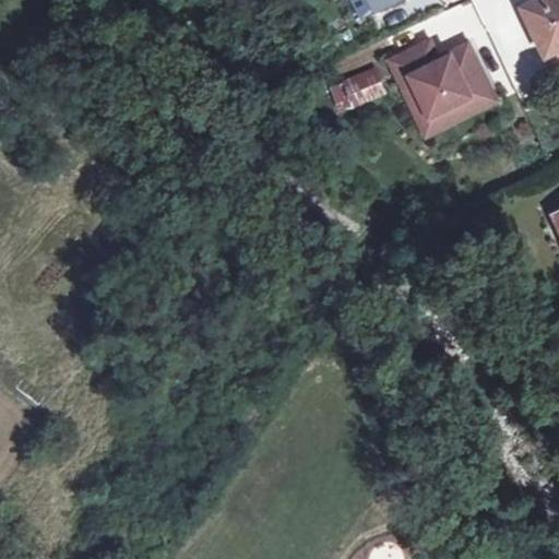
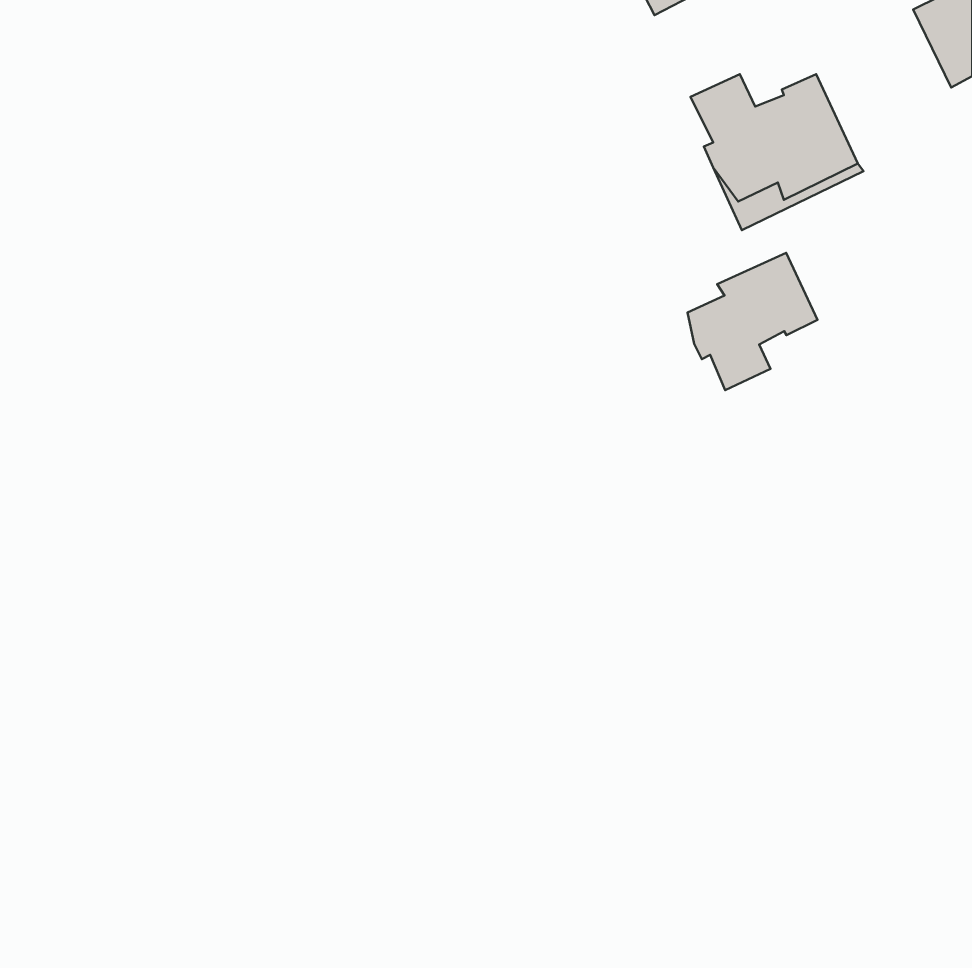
building: [334,67,385,107] -> none
building: none -> [688,253,818,390]

